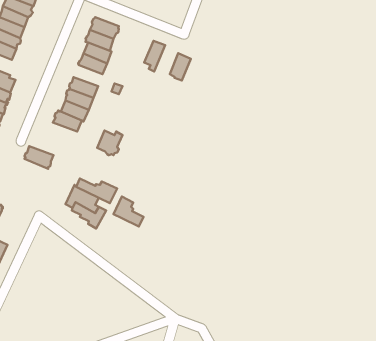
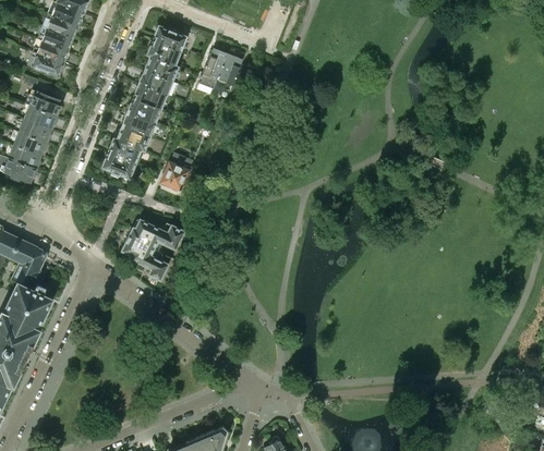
building: [170,53,191,81] -> [203,48,228,81]
building: none -> [132,84,167,109]
building: [25,146,54,169] -> [101,153,136,180]
building: [113,197,144,227] -> none

